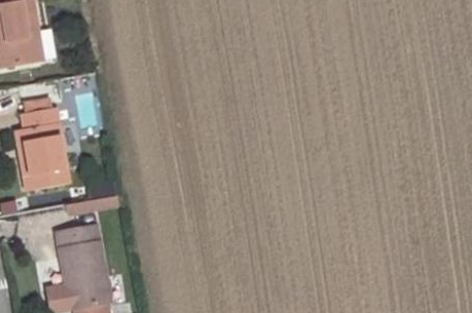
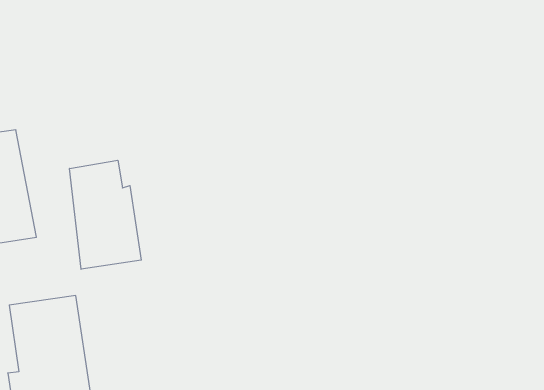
building: none -> [70,160,141,269]

